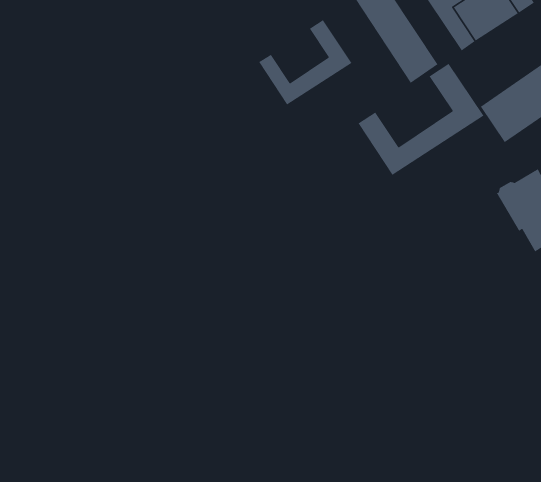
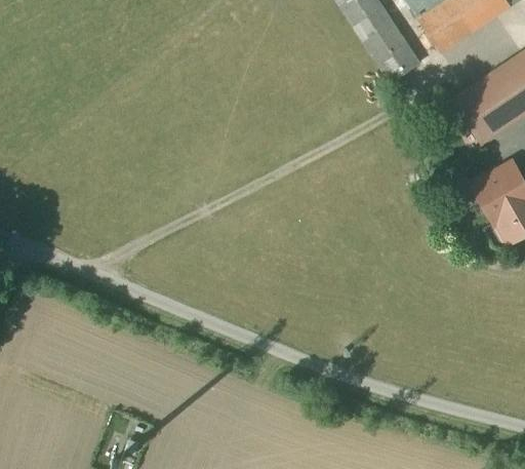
building: [258,19,353,106] -> none
building: [357,63,485,176] -> none

